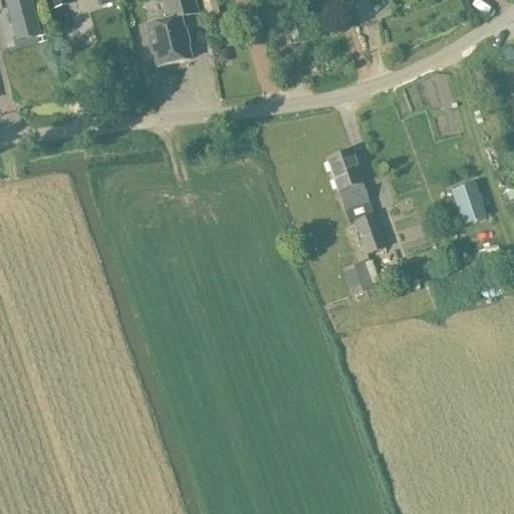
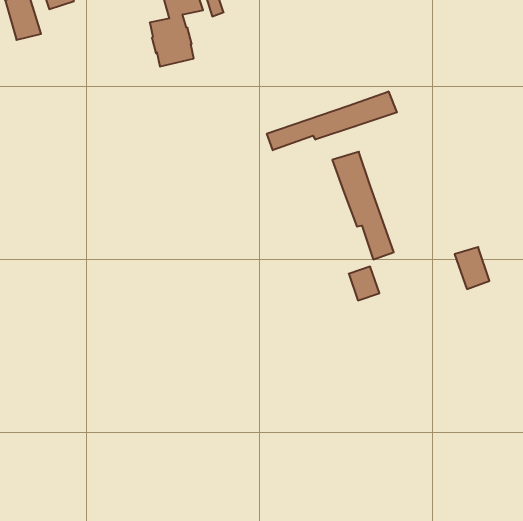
building: none -> [267,91,397,150]
building: [451,182,485,223] -> [455,247,489,289]

